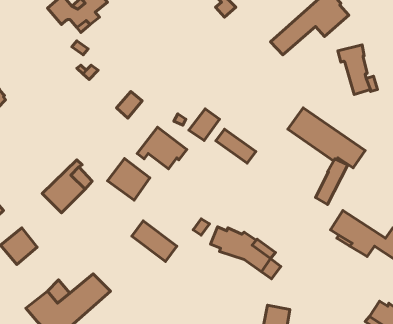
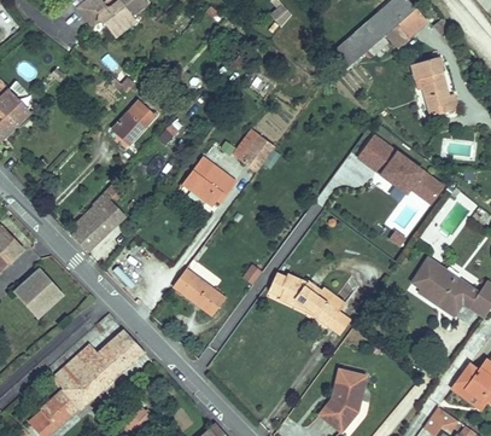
building: none -> [111,105,153,149]
building: [216,129,256,163] -> none
building: [108,159,150,200] -> none

